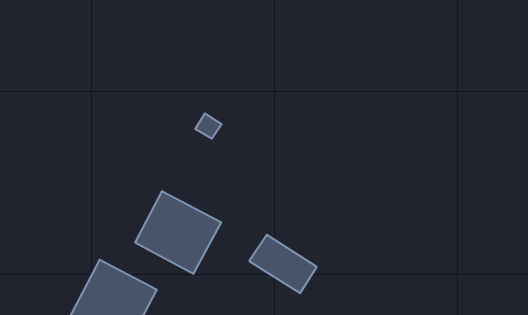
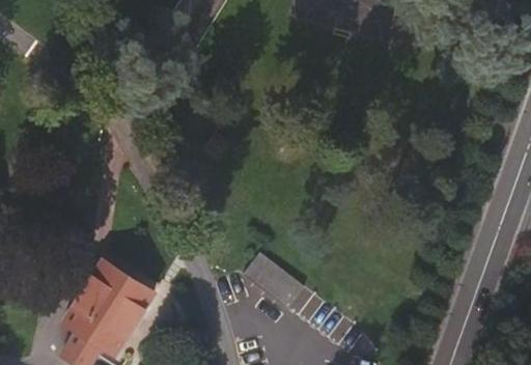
building: [135,191,221,274] -> none

